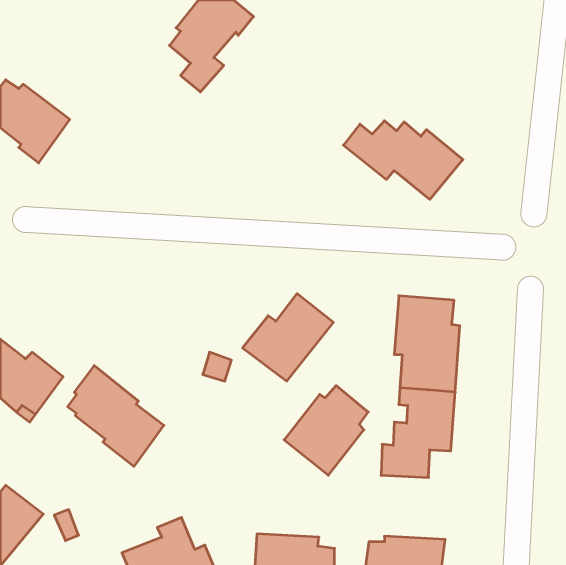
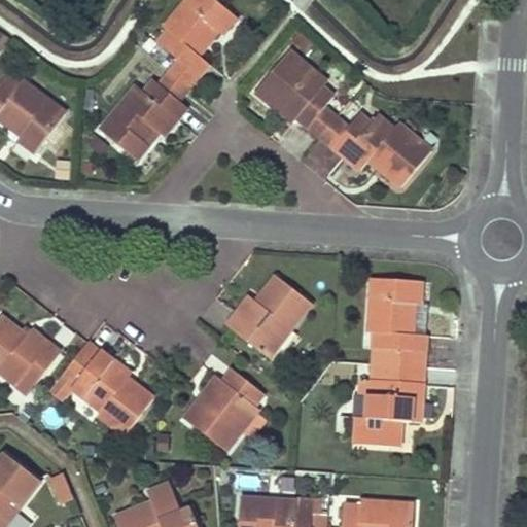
building: none -> [255,50,335,136]
building: none -> [100,71,186,159]
building: [284,386,368,475] -> [183,366,261,450]

